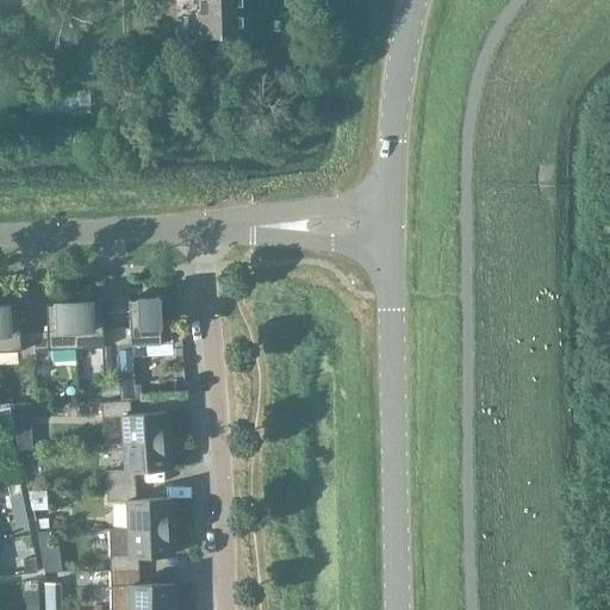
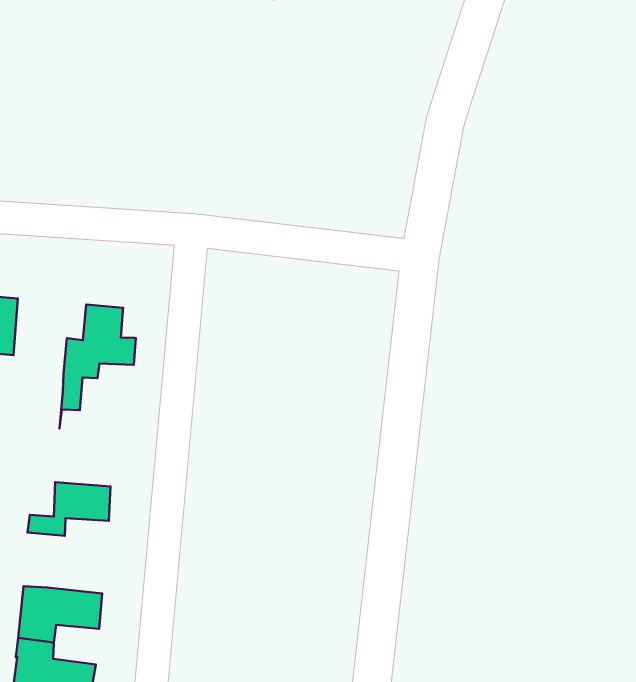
building: [74,301,119,373] -> none
building: [100,402,167,444] -> none
building: [106,486,172,529] -> none

